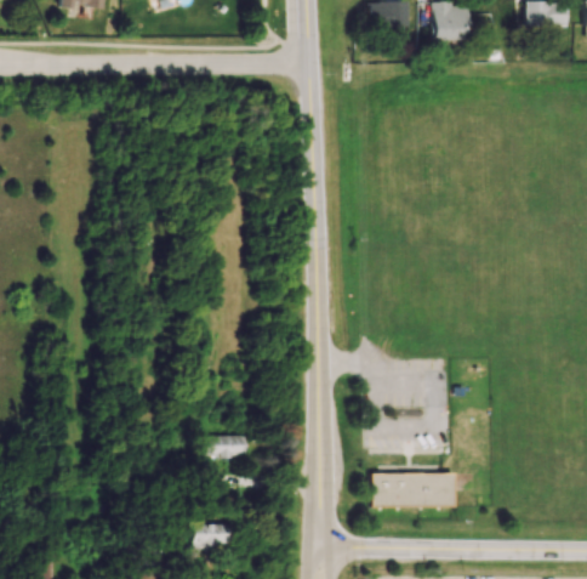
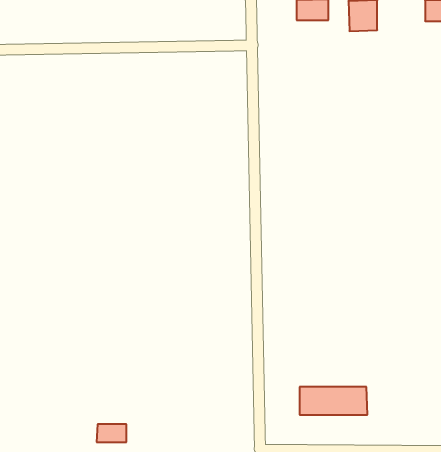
building: [206,436,249,458] -> none
building: [193,524,229,546] -> [97,424,126,442]

